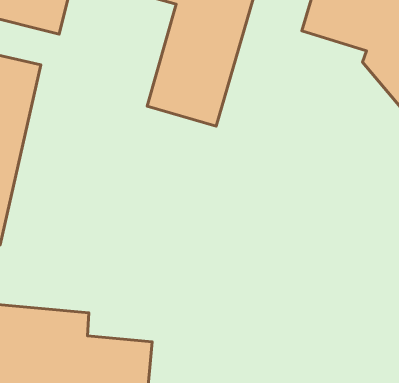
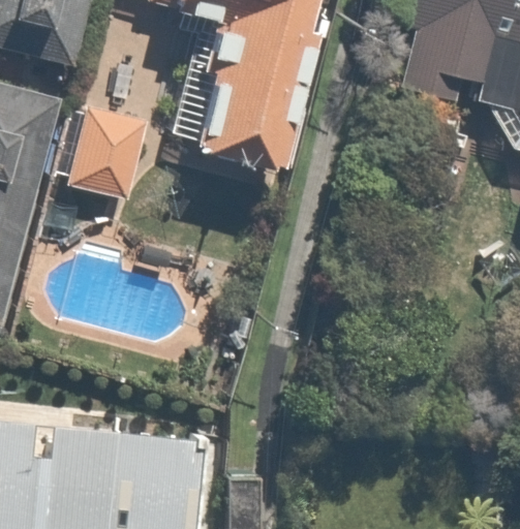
building: none -> [51,100,148,201]

